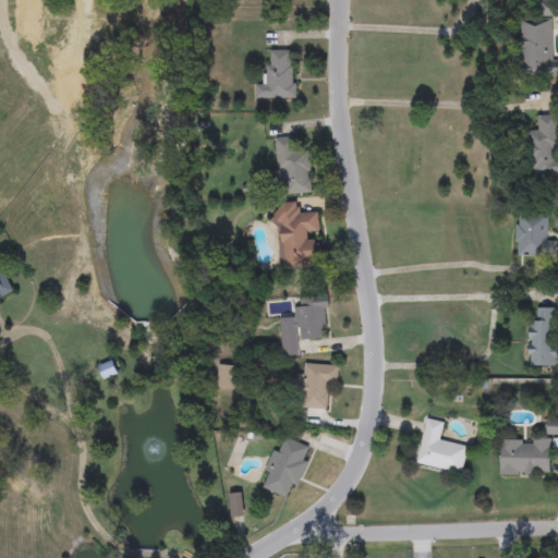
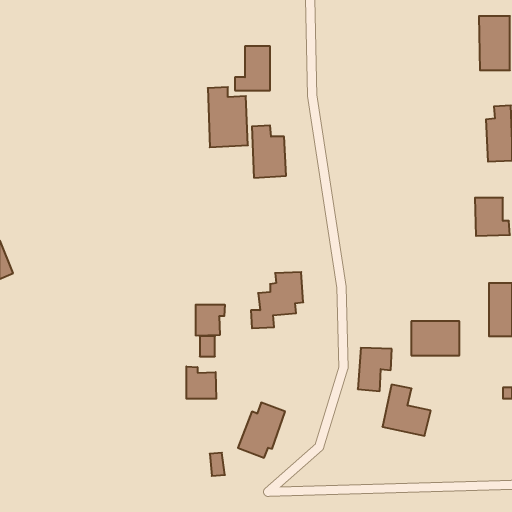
building: [276,202,319,267] -> [208,87,248,147]
building: none -> [196,305,225,336]
building: [301,363,338,410] -> [358,348,392,391]
building: none -> [186,366,216,399]
building: [498,438,550,475] -> [411,321,459,355]

